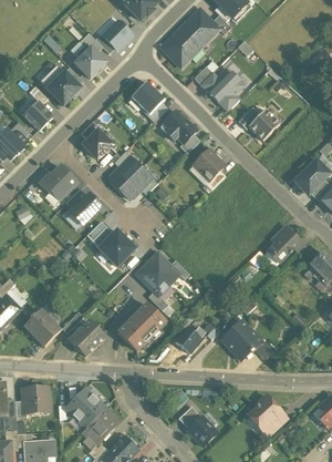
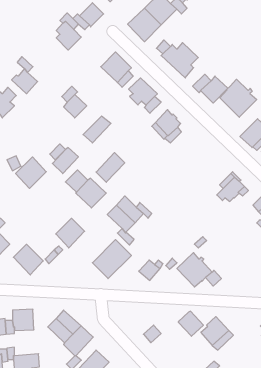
building: [40,64,83,104] -> none
building: none -> [220,79,257,117]
building: [40,164,76,202] -> [16,157,46,188]
building: [118,165,153,201] -> [96,153,125,182]
building: [70,320,104,356] -> [56,218,85,248]
building: [188,414,218,444] -> [178,311,203,336]

